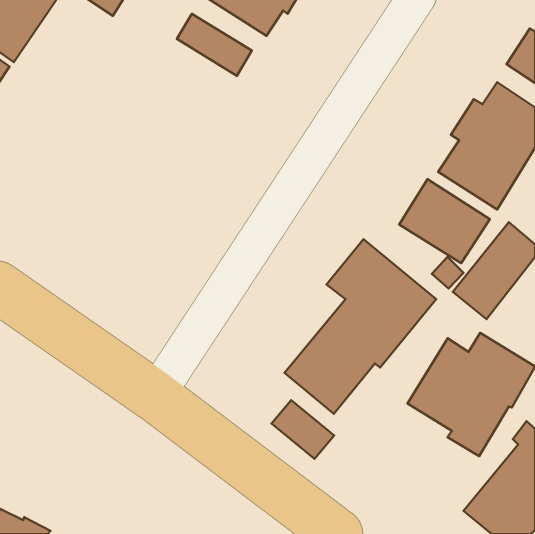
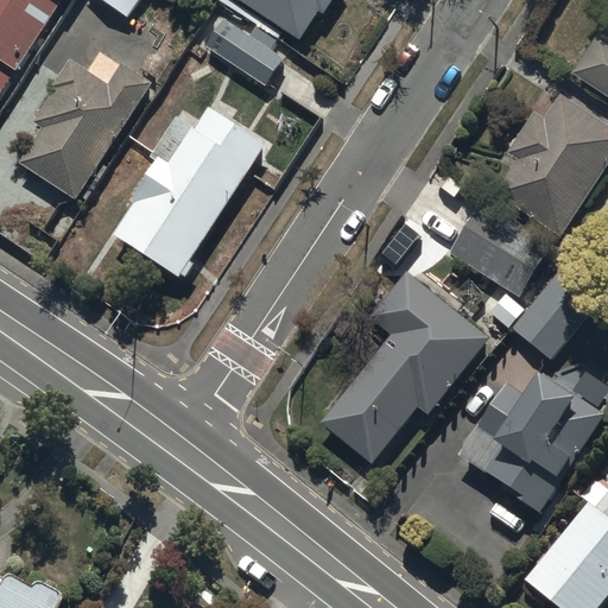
building: none -> [19,57,156,201]
building: none -> [110,107,265,277]
building: [271,400,334,459] -> none

